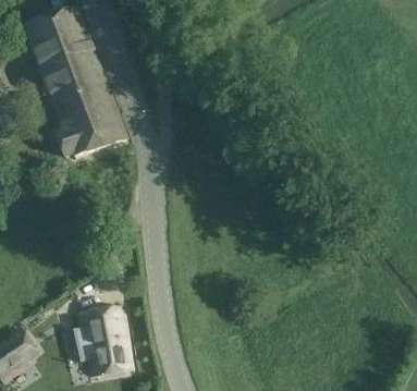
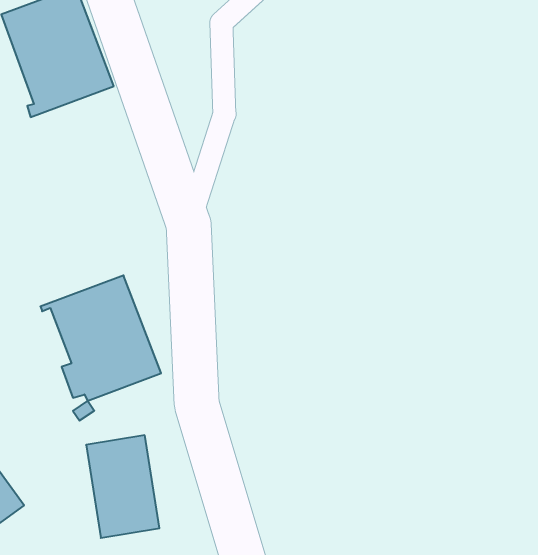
building: [45,73,125,157] -> [40,275,161,401]

